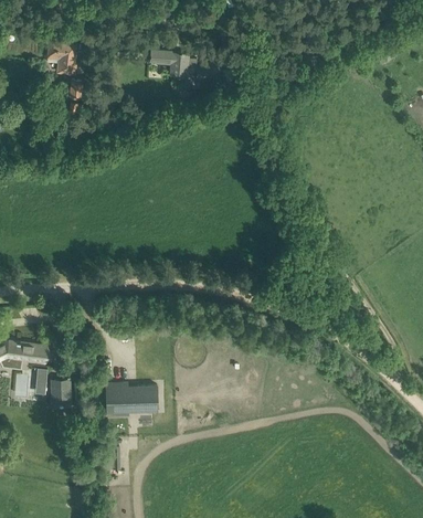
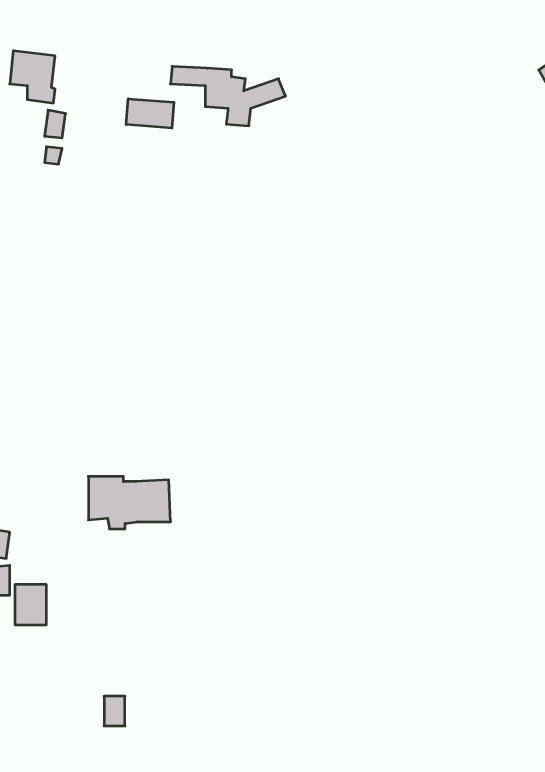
building: none -> [126,99,174,128]
building: [105,383,157,416] -> [88,476,171,529]

